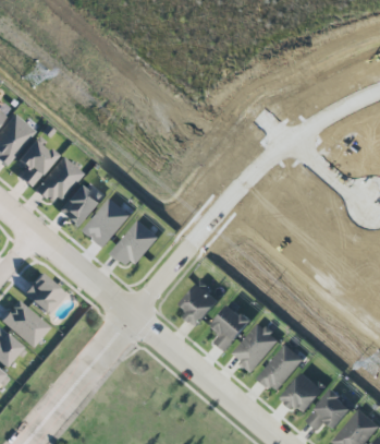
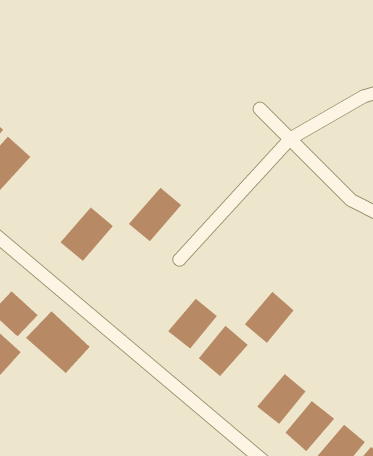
building: [36,155,82,204] -> none
building: [60,179,103,226] -> none
building: [110,219,158,268] -> [128,187,182,242]
building: none -> [25,310,90,374]
building: [232,324,277,371] -> [244,291,294,344]

